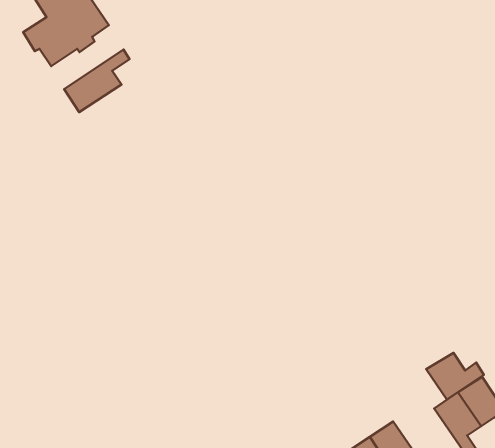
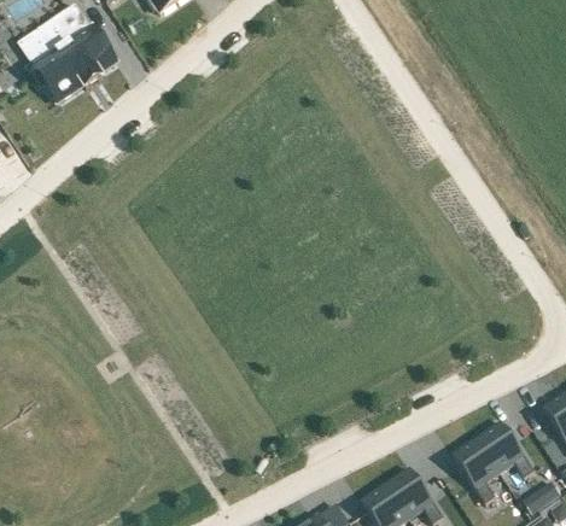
building: [64,50,129,112] -> none
building: [426,353,484,399] -> none

